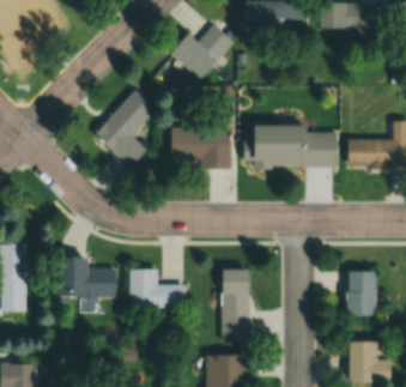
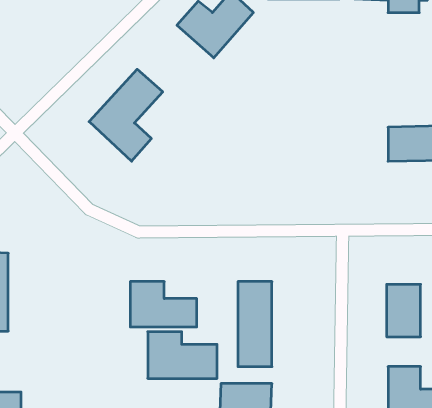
building: [171,127,232,168] -> none
building: [250,127,335,167] -> none
building: [57,258,116,297] -> [148,332,217,378]

